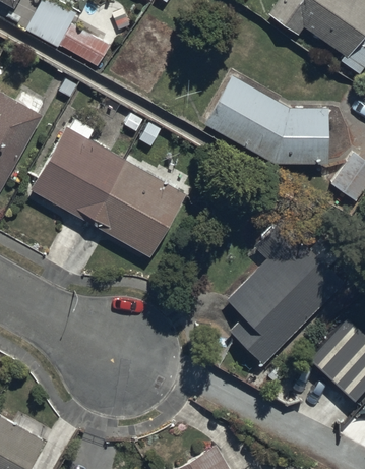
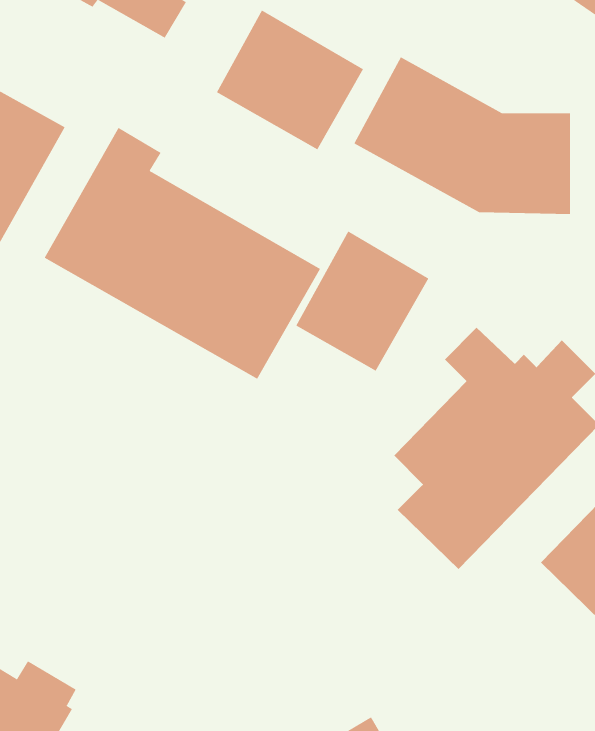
building: none -> [216,9,364,150]
building: none -> [295,231,429,372]

